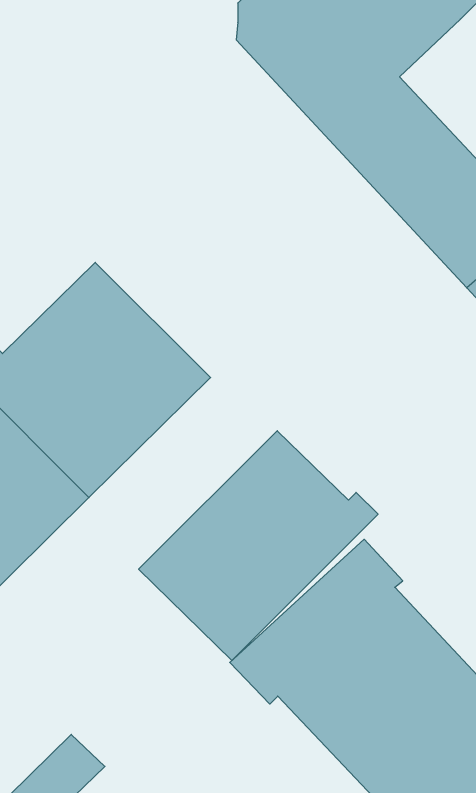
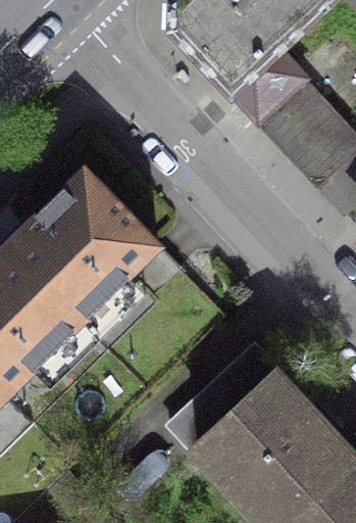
building: [139,431,378,660] -> none

